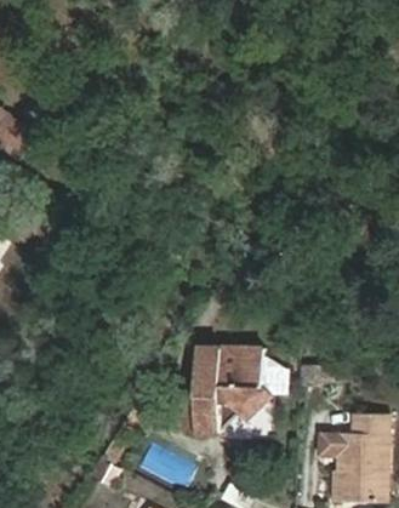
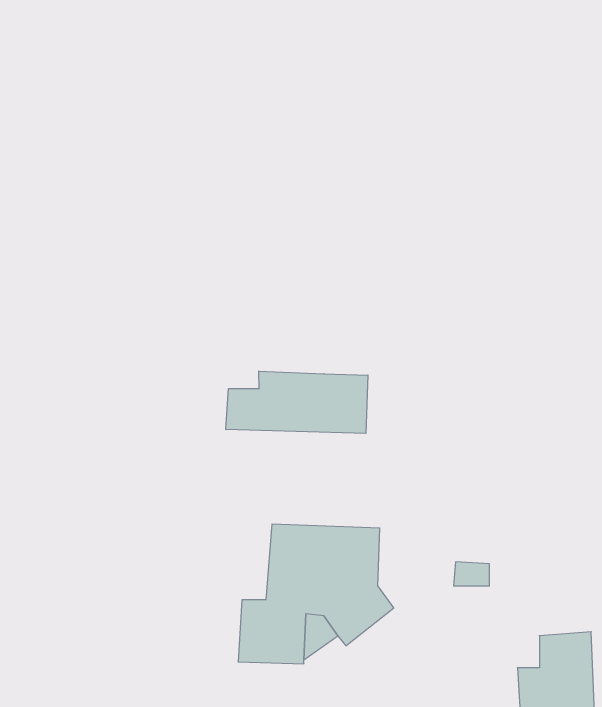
building: none -> [226,371,368,433]

